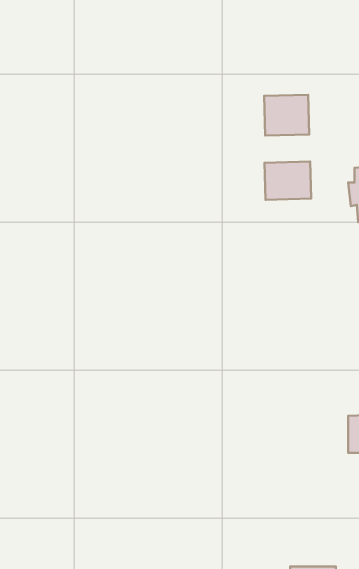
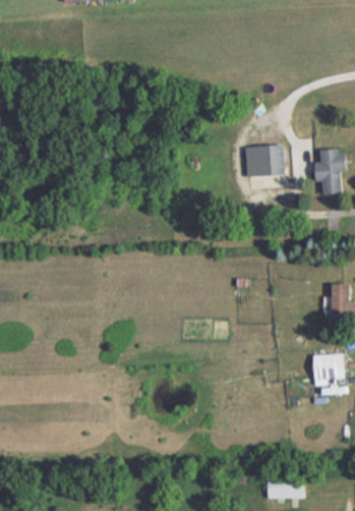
building: [264,95,309,135] -> none

